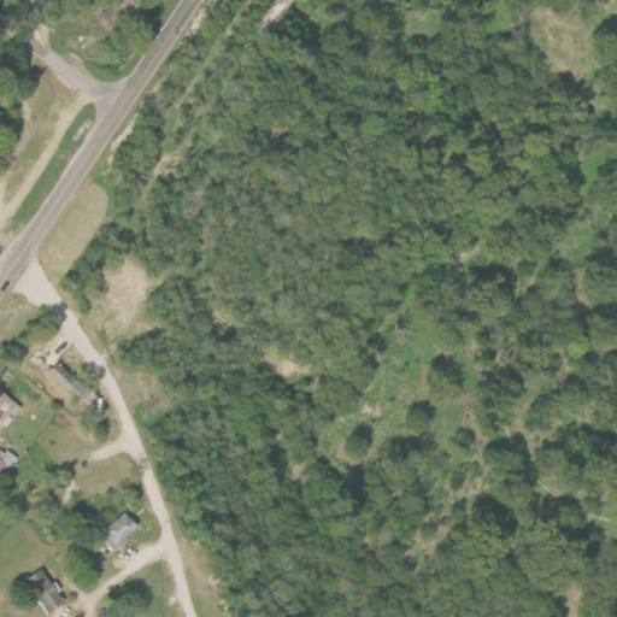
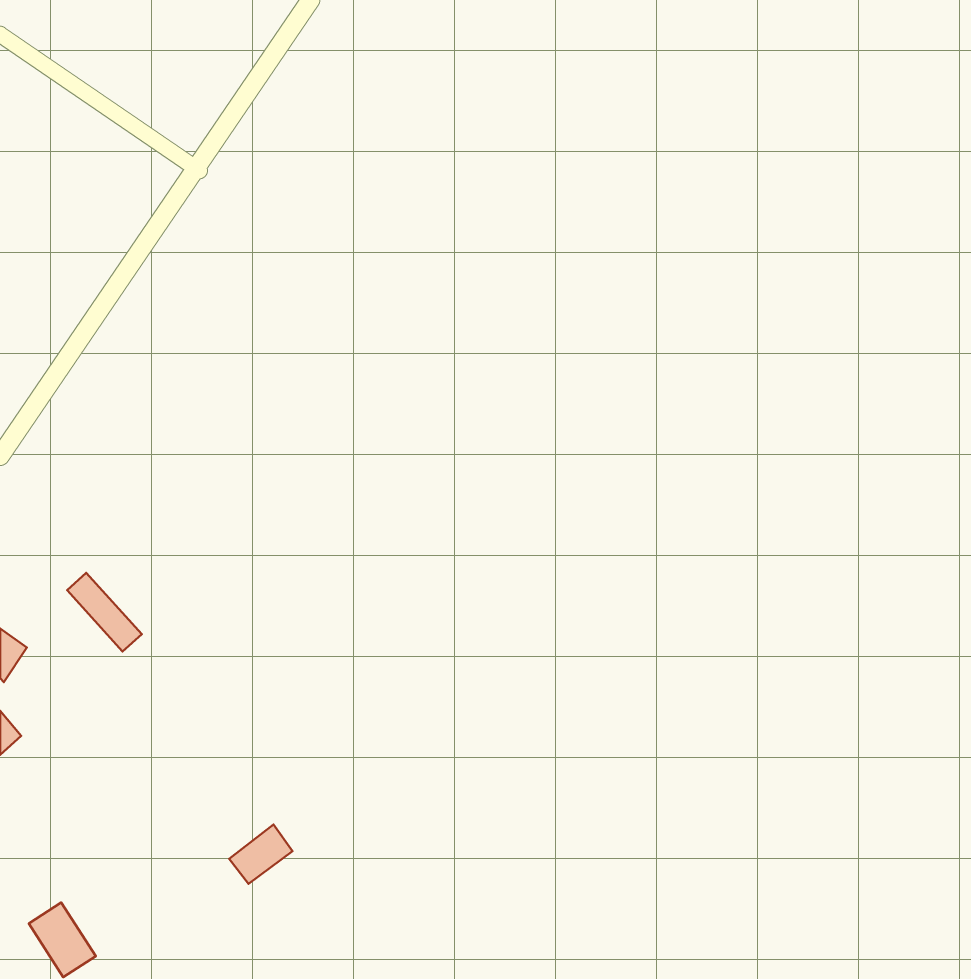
building: [98,512,137,550] -> [229,824,292,884]

